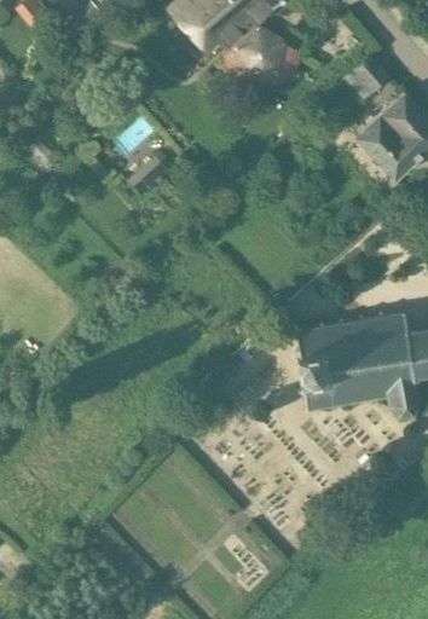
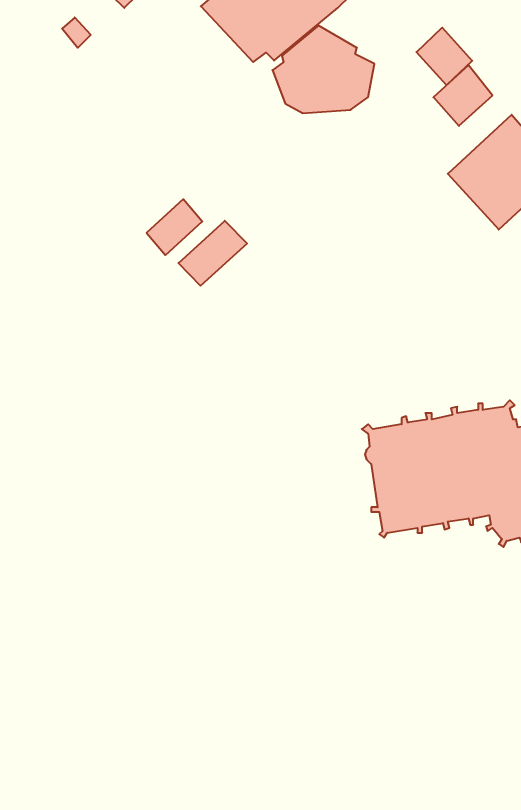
building: none -> [416,28,472,85]
building: none -> [178,221,247,286]

